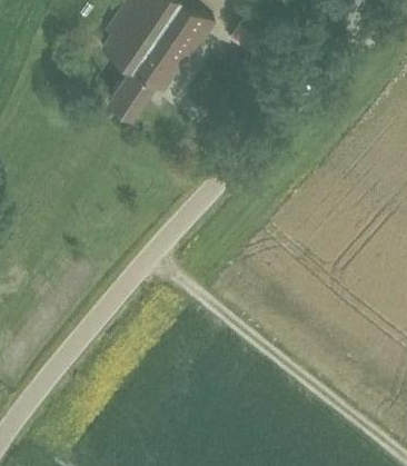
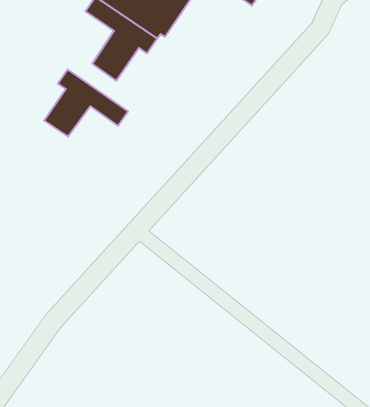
building: none -> [44,69,128,137]

